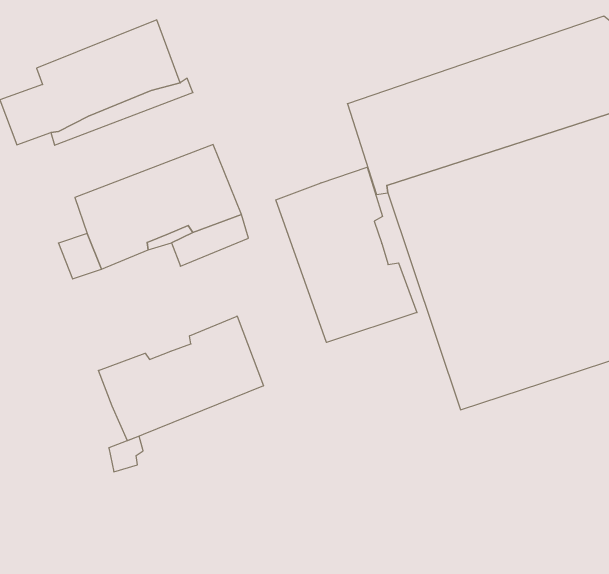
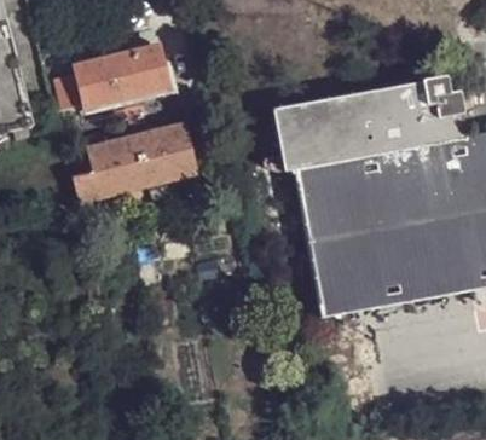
building: [276,167,417,342] -> none
building: [98,316,263,441] -> none

